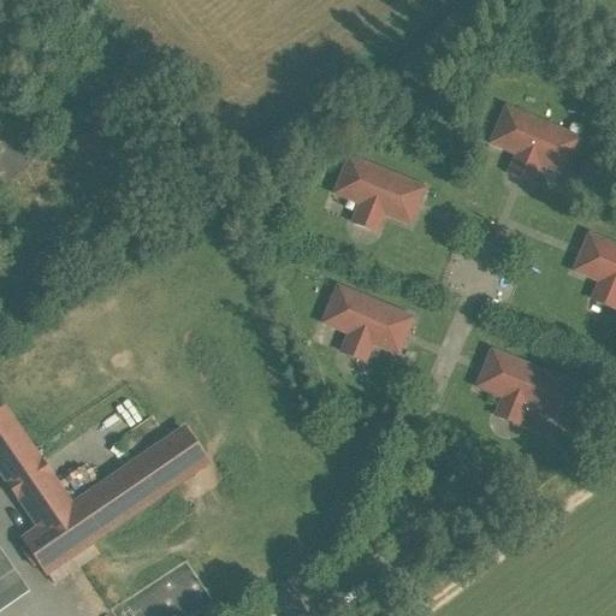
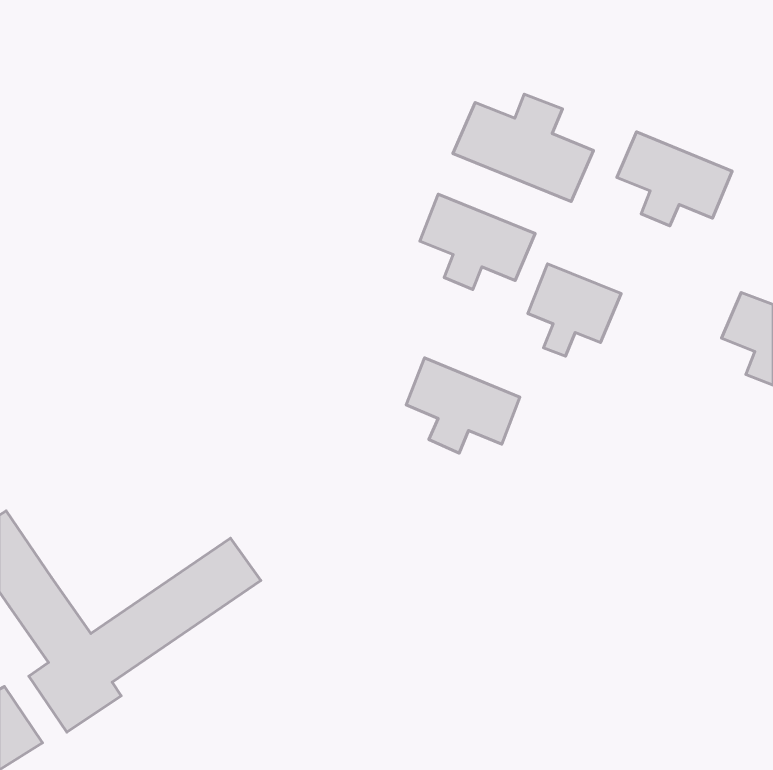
building: none -> [453,94,593,201]
building: none -> [528,264,621,356]
building: [476,348,567,422] -> none

